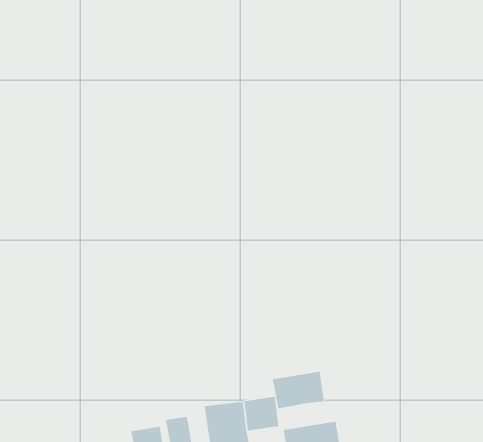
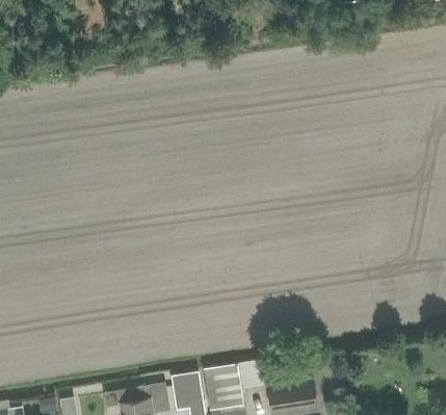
building: [272,371,324,409] -> none

